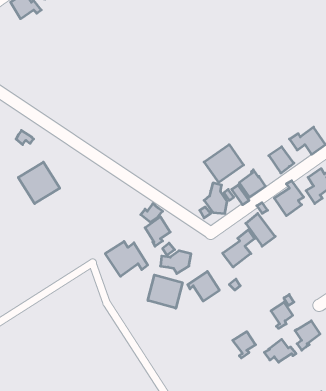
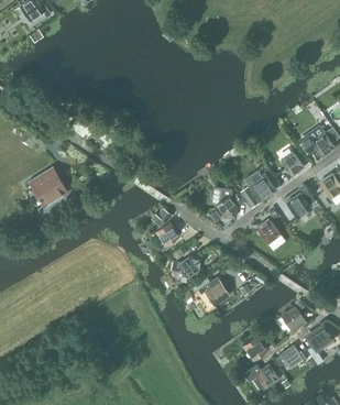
building: [204,145,244,182] -> none
building: [223,230,255,267] -> none
building: [105,241,148,276] -> none
building: [148,275,182,308] -> none
building: none -> [243,364,278,391]

